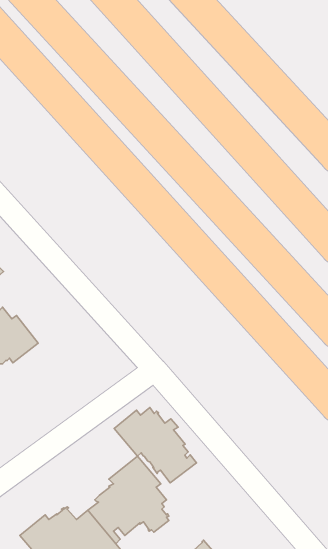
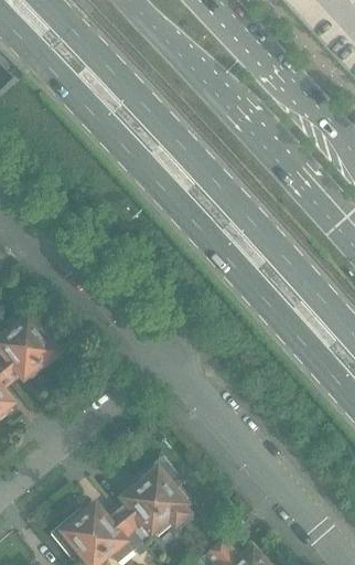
building: [114,407,197,483] -> none

